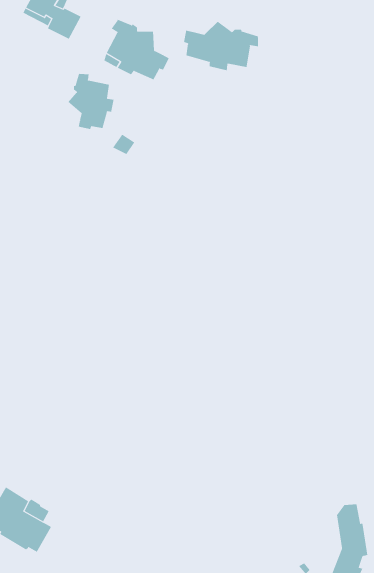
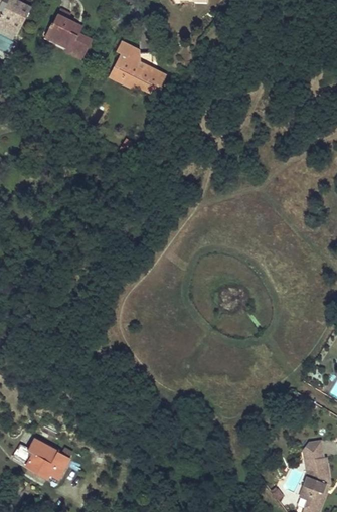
building: [183,21,259,71] -> none
building: [68,73,114,130] -> none

